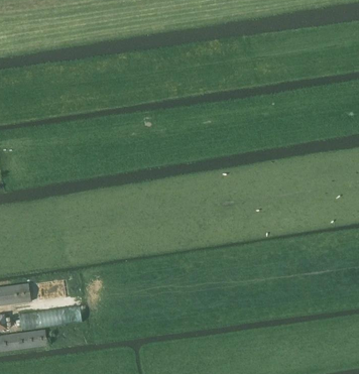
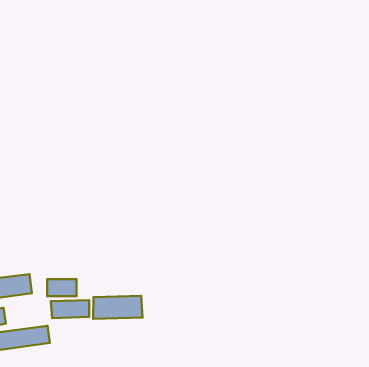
building: none -> [93,296,142,319]
building: [21,311,47,327] -> [47,279,76,296]

